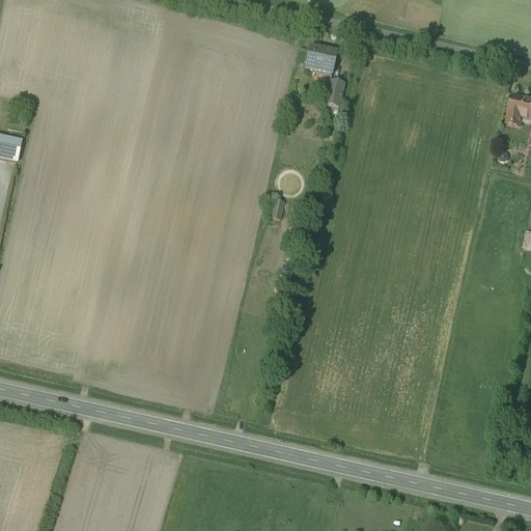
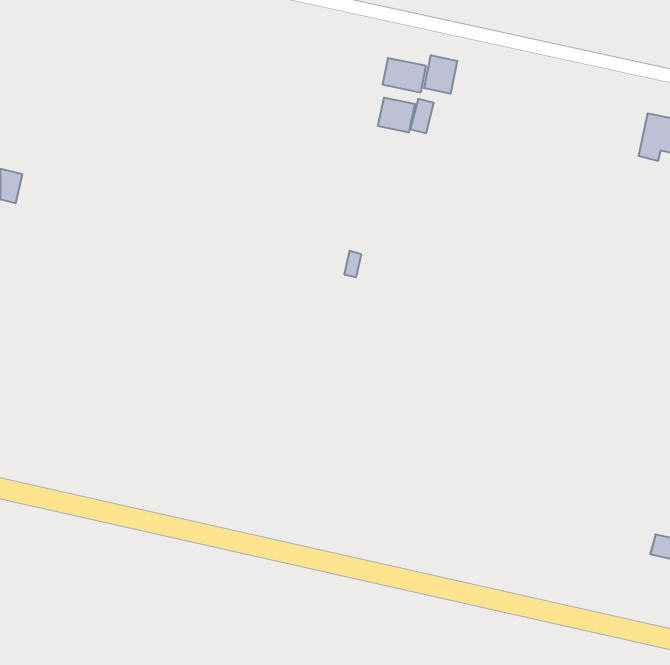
building: none -> [424,55,457,94]
building: none -> [378,97,415,133]

